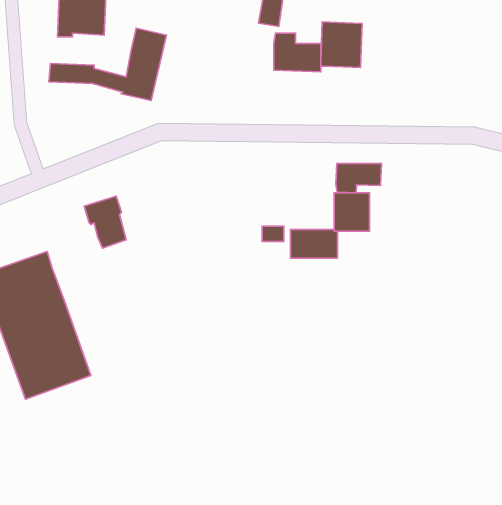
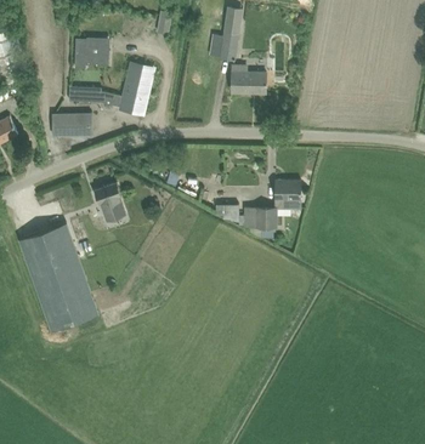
building: [321,22,362,68] -> none
building: none -> [52,115,91,136]
building: [336,163,381,193] -> none

